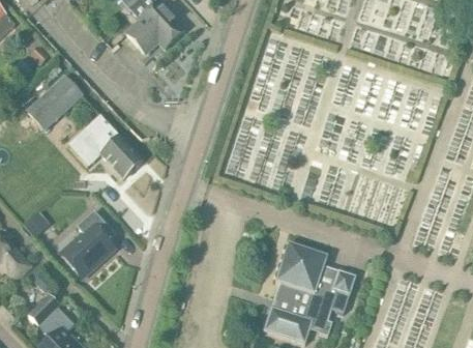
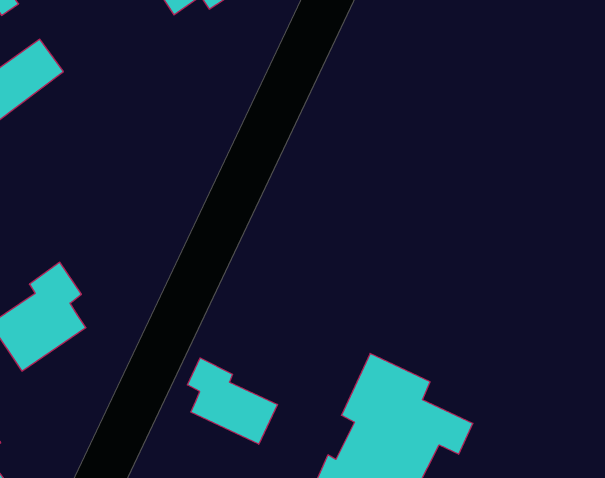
building: [67,113,142,177] -> none
building: none -> [187,358,277,444]

